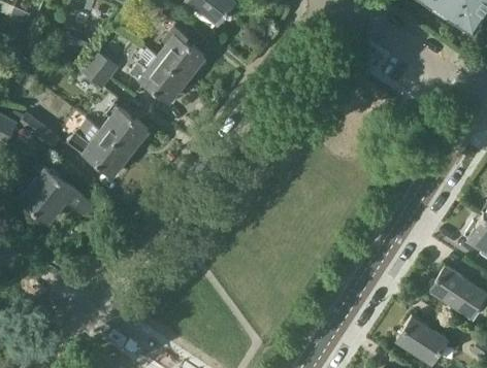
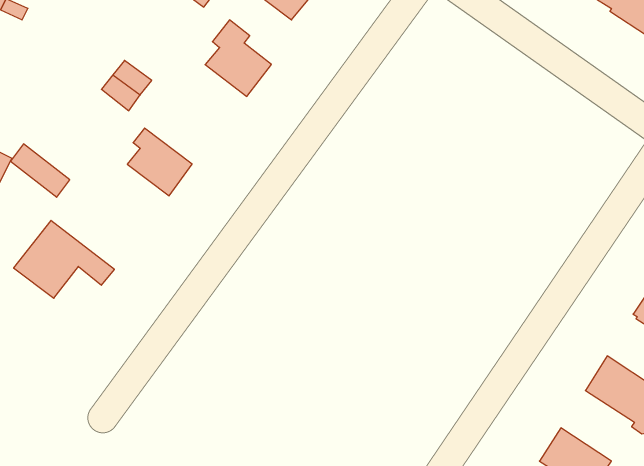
building: [129,48,187,103] -> none
building: [67,119,131,175] -> none

